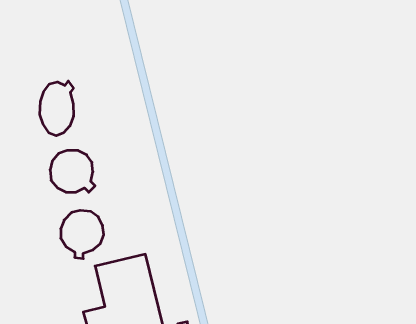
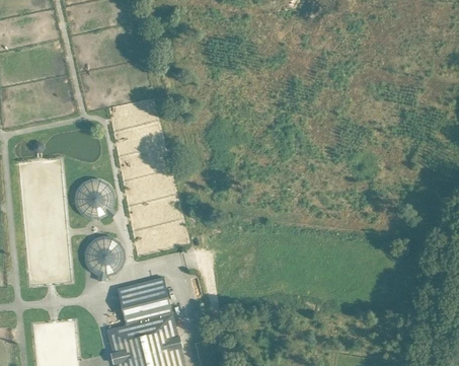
building: [40,81,73,136] -> none

